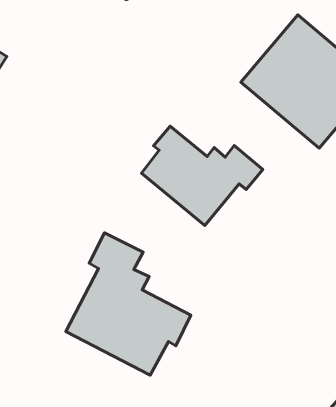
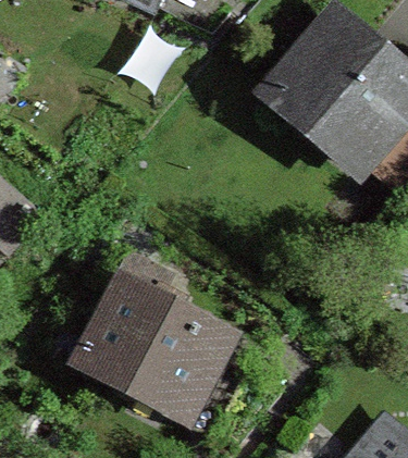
building: [141,126,263,225] -> none

